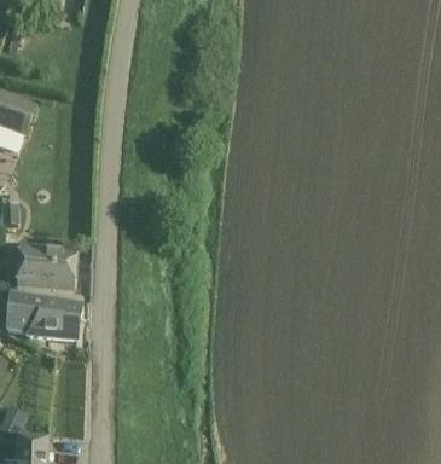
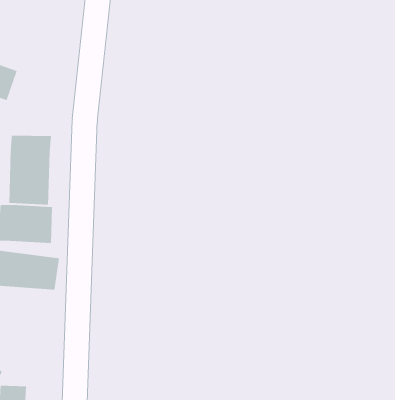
building: none -> [9,135,52,206]

